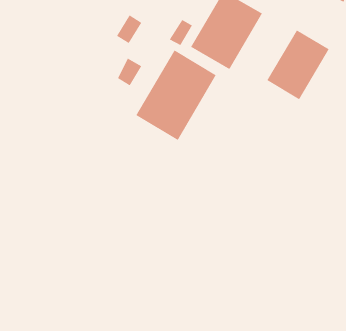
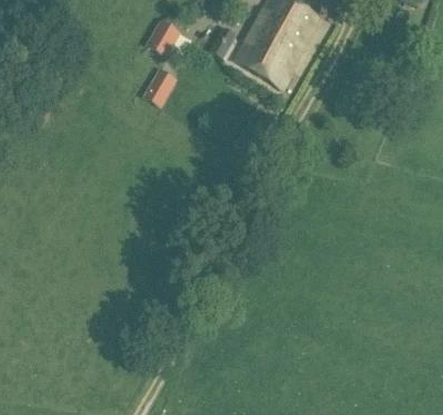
building: [266,29,329,100] -> none
building: [135,49,217,141] -> none

